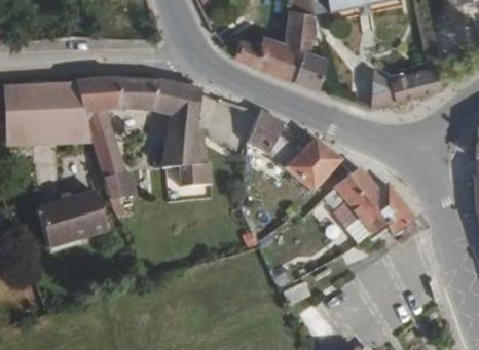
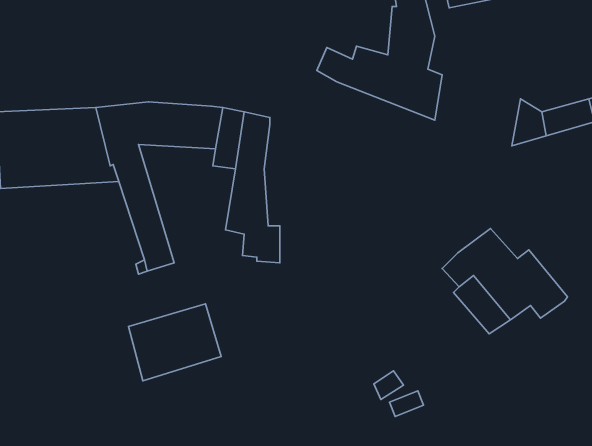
building: [250,111,340,191] -> none
building: [39,192,106,247] -> [129,304,221,381]

